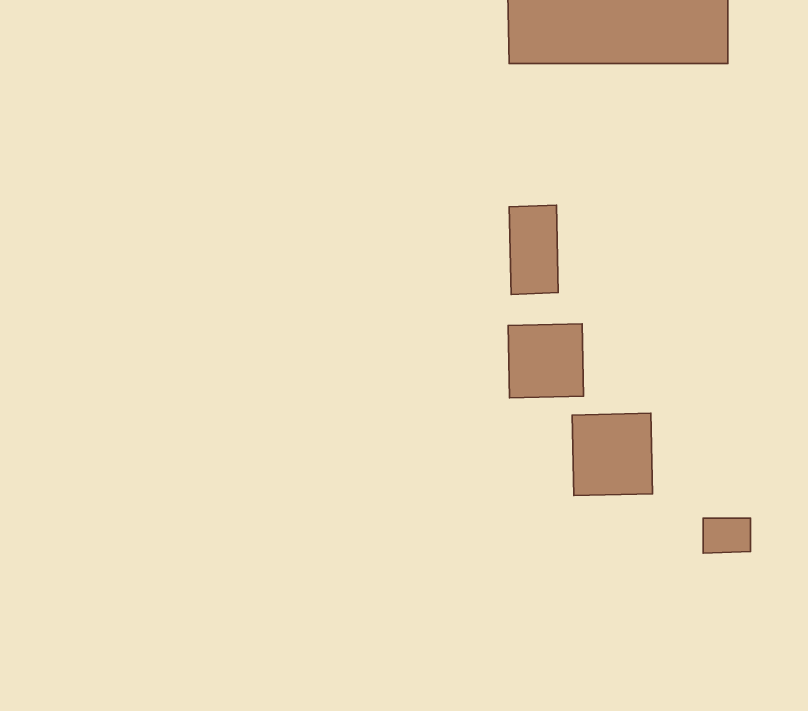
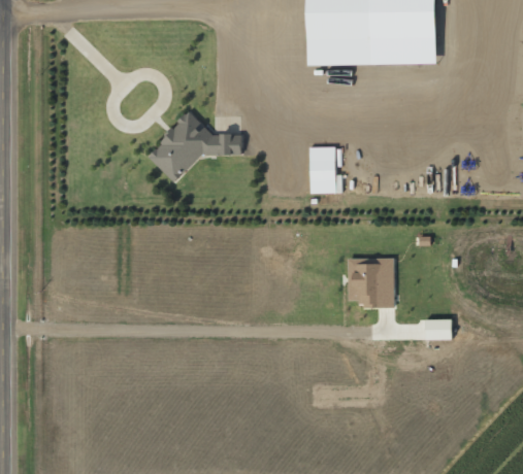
building: none -> [145,106,240,179]
building: [508,324,583,398] -> none

